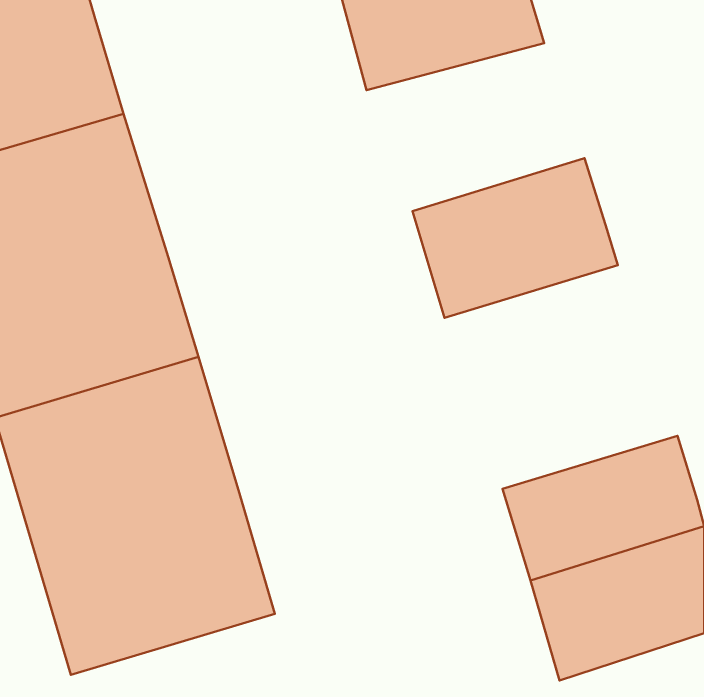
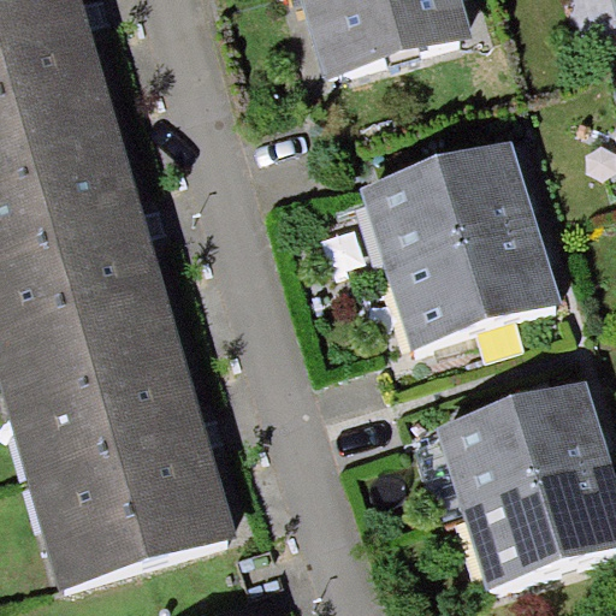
building: none -> [385,230,557,348]

